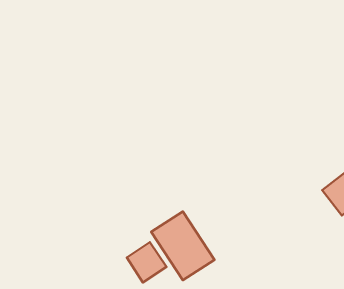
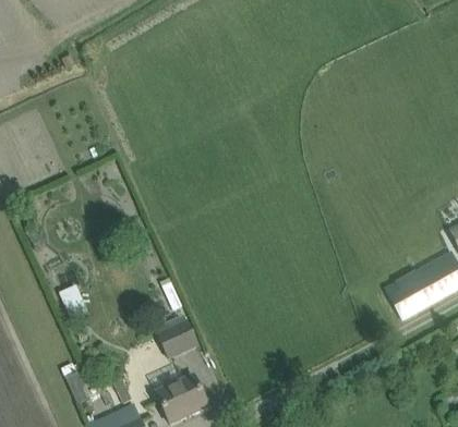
building: [151,212,214,280] -> none

